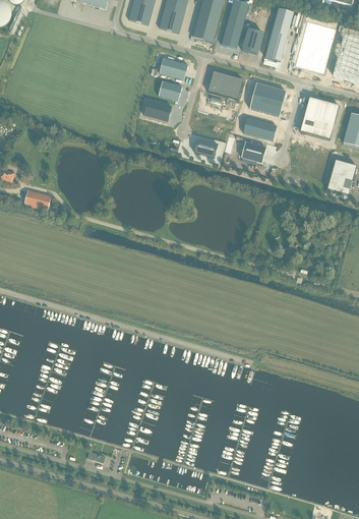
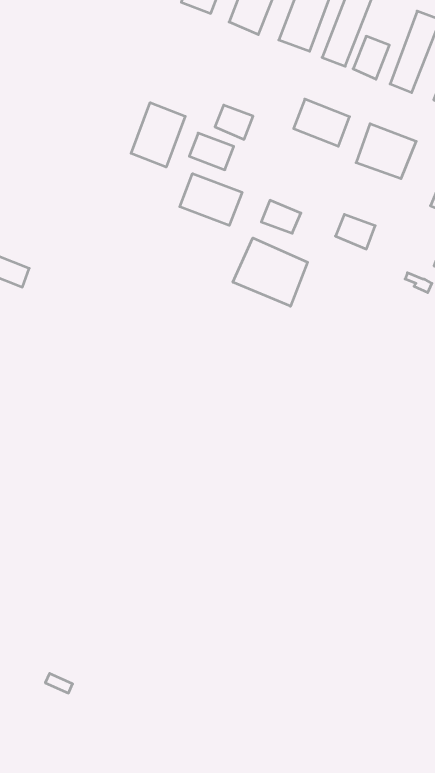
building: [159,57,187,78] -> none
building: none -> [131,103,185,167]
building: [242,117,276,139] -> none
building: none -> [180,174,242,225]
building: none -> [233,238,308,306]

